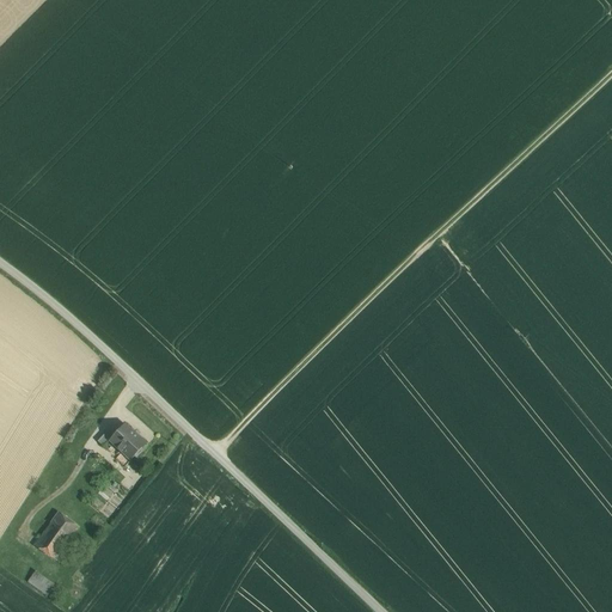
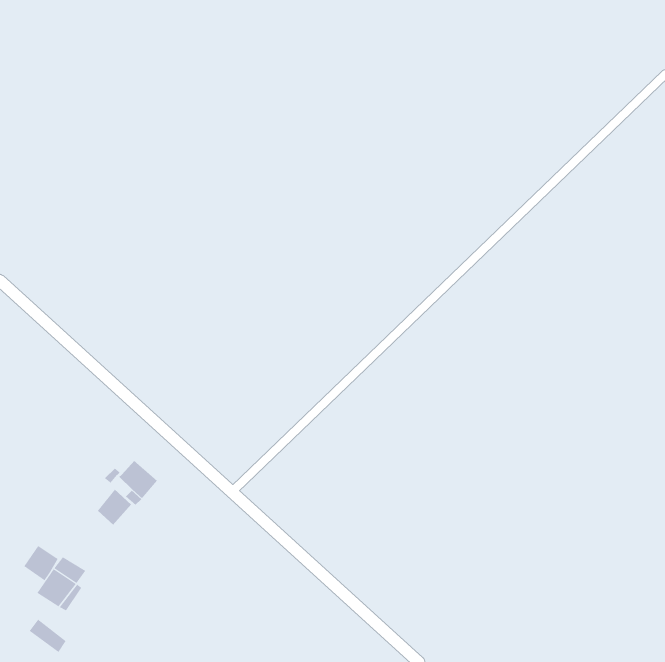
building: none -> [97,489,132,526]
building: none -> [23,545,59,581]

